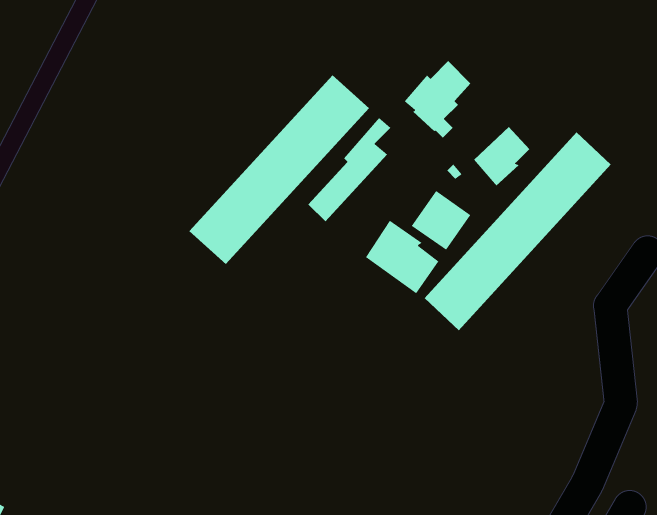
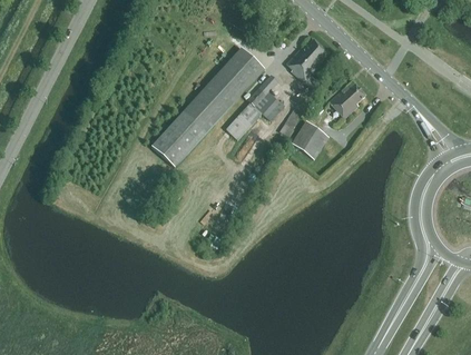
building: [424,132,612,331] -> none
building: [365,220,439,294] -> none

